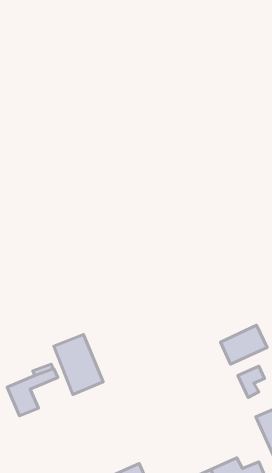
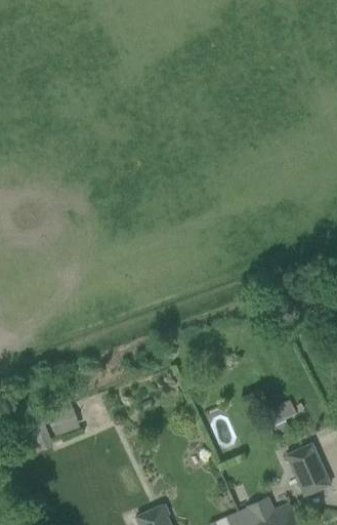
building: [221,325,267,364] -> none
building: [54,334,103,395] -> none

